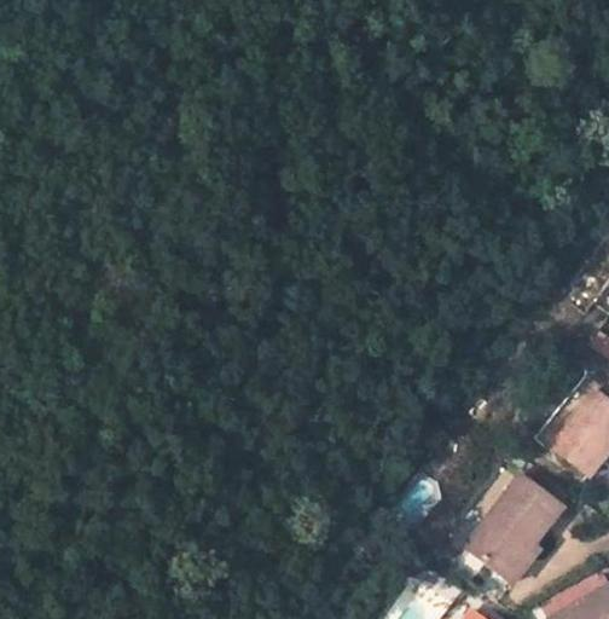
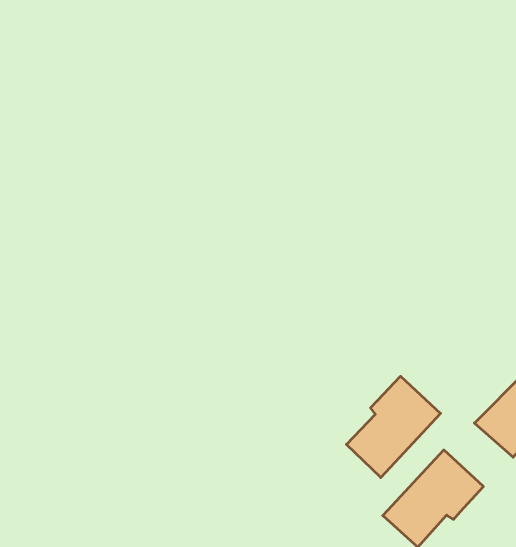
building: none -> [346,376,441,478]

